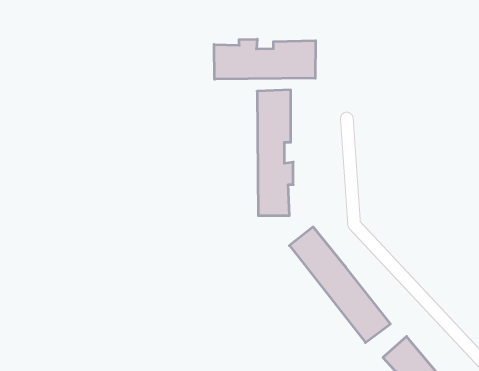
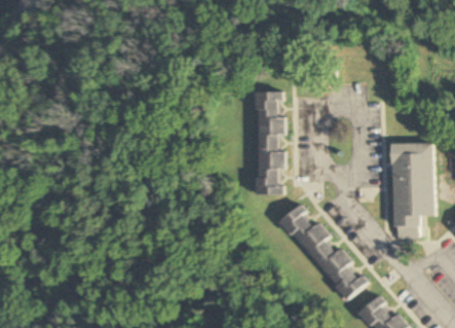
building: [214,39,316,79] -> none
building: none -> [391,143,434,240]

